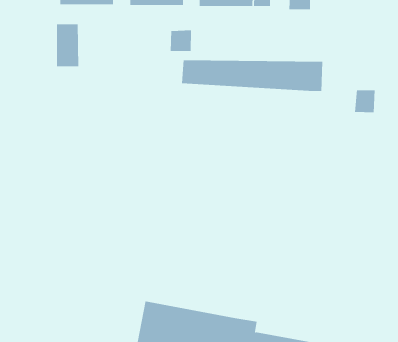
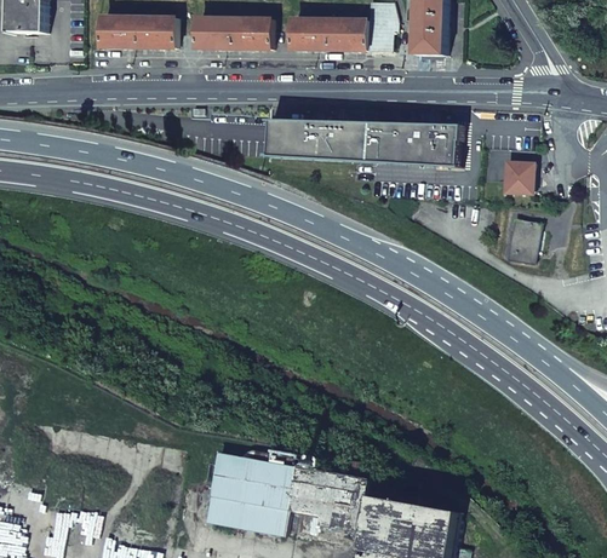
building: [57,23,79,67] -> none
building: [170,30,191,52] -> none
building: none -> [504,219,537,263]

